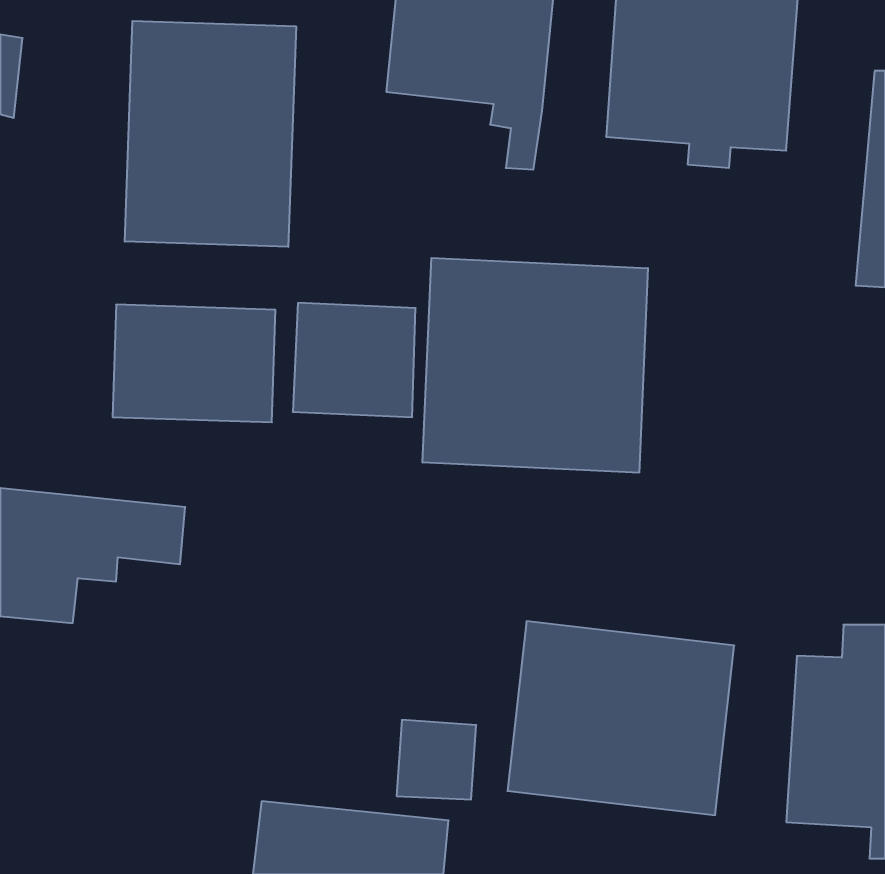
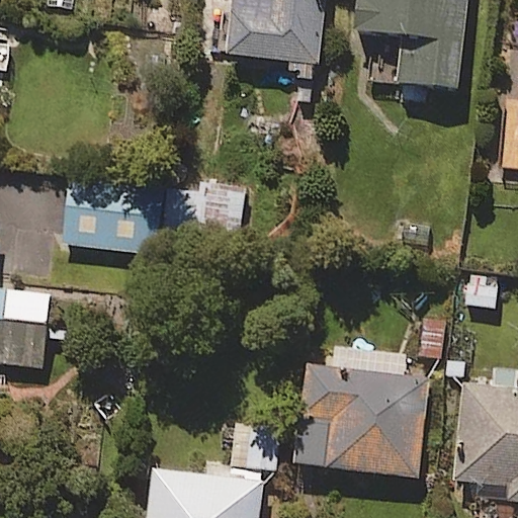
building: [125,21,296,247] -> none
building: [423,258,648,473] -> none

